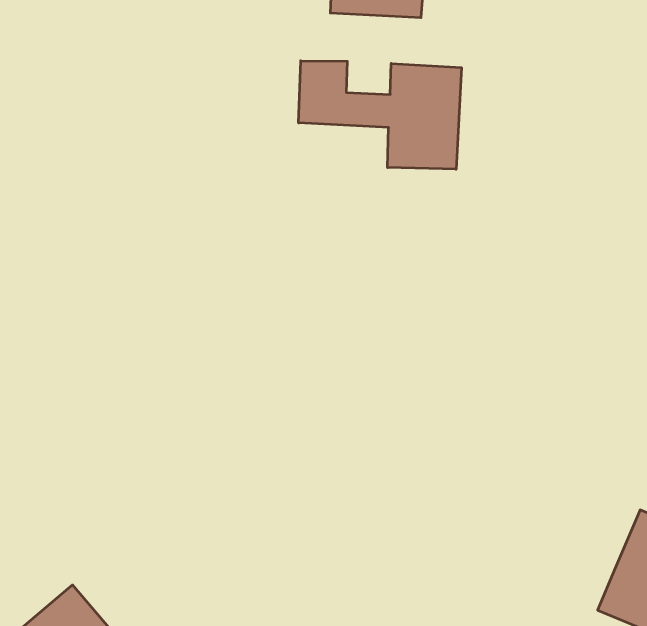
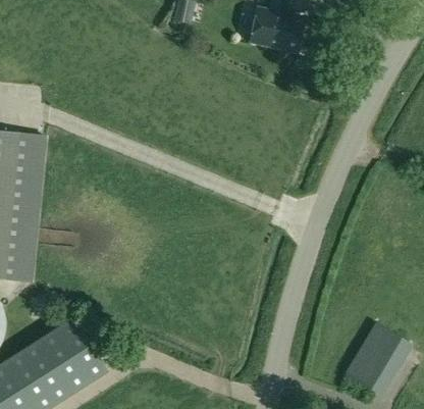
building: [299,61,461,169] -> none

